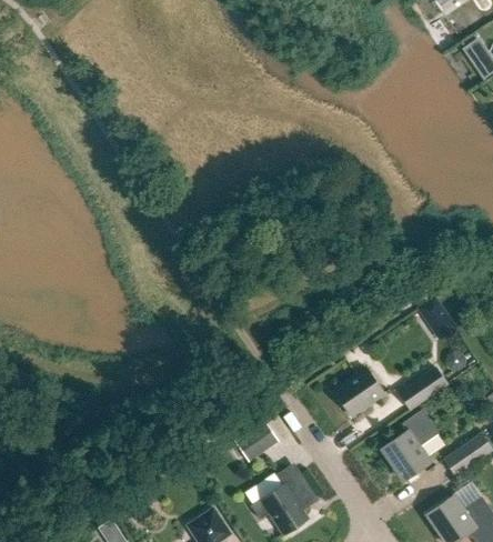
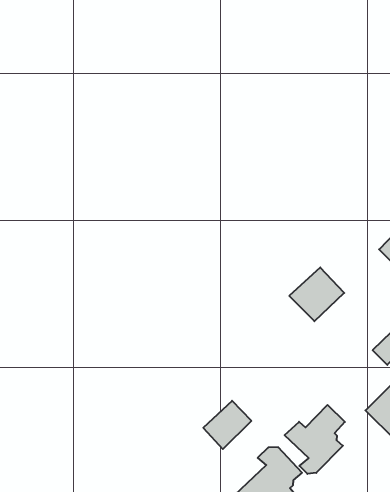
building: [334,368,384,415] -> [289,267,344,321]
building: none -> [285,405,345,474]

